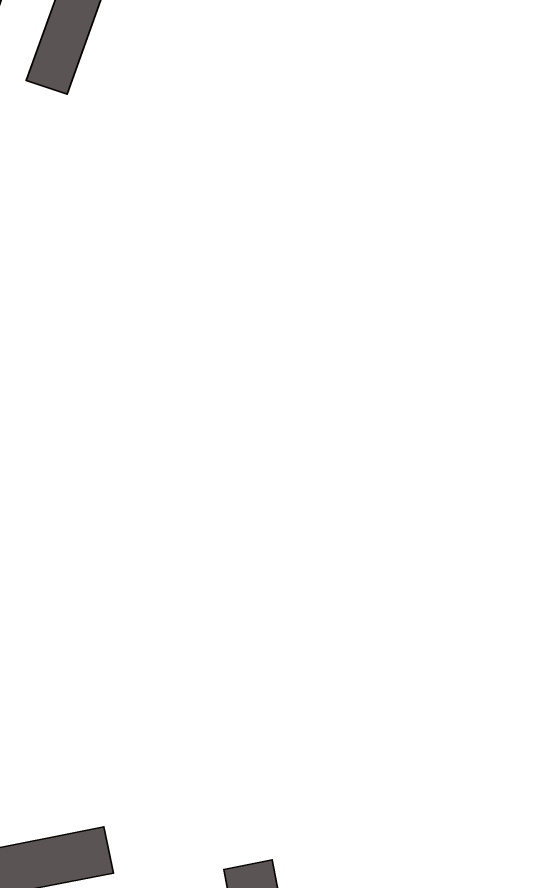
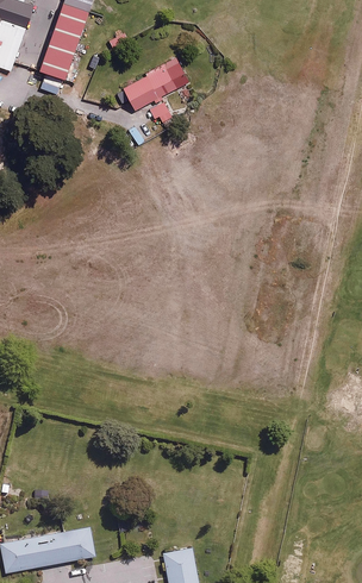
building: none -> [121,61,182,112]

